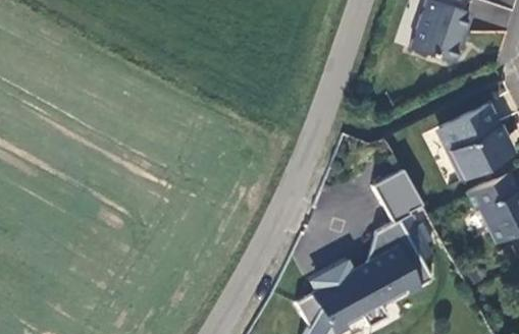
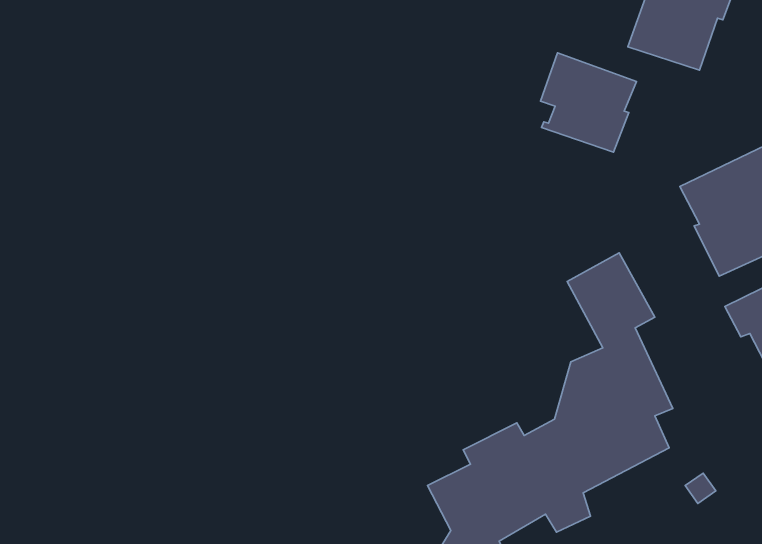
building: none -> [540,53,636,152]

